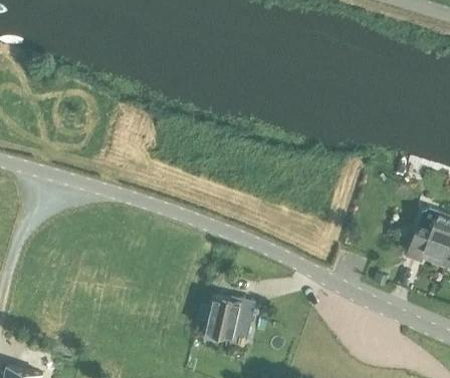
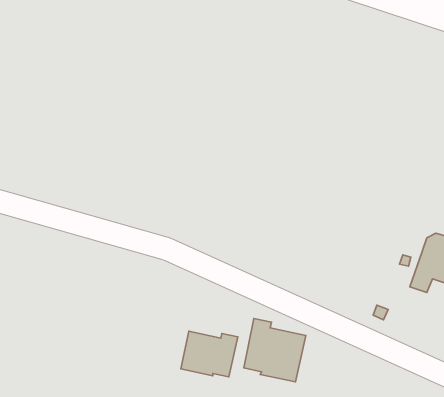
building: none -> [244,318,306,382]

